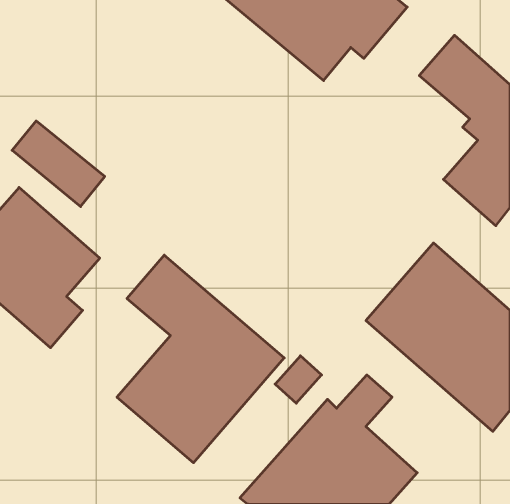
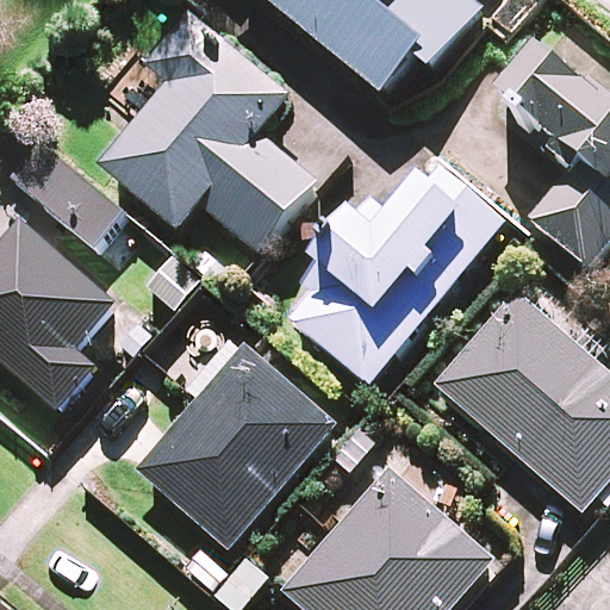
building: none -> [102,14,315,250]
building: none -> [291,166,506,384]

